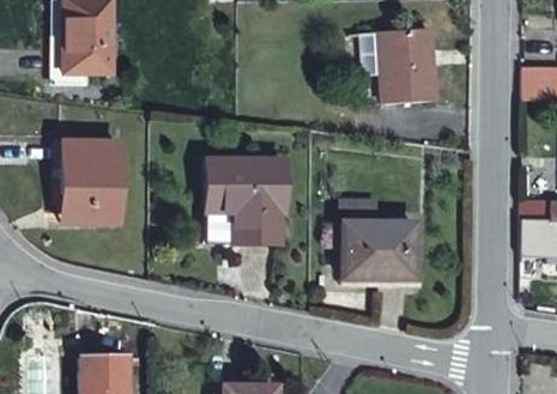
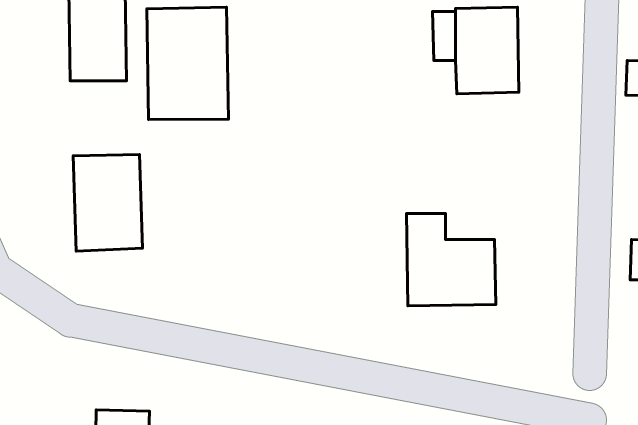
building: none -> [147,7,228,119]
building: [210,156,286,238] -> none

